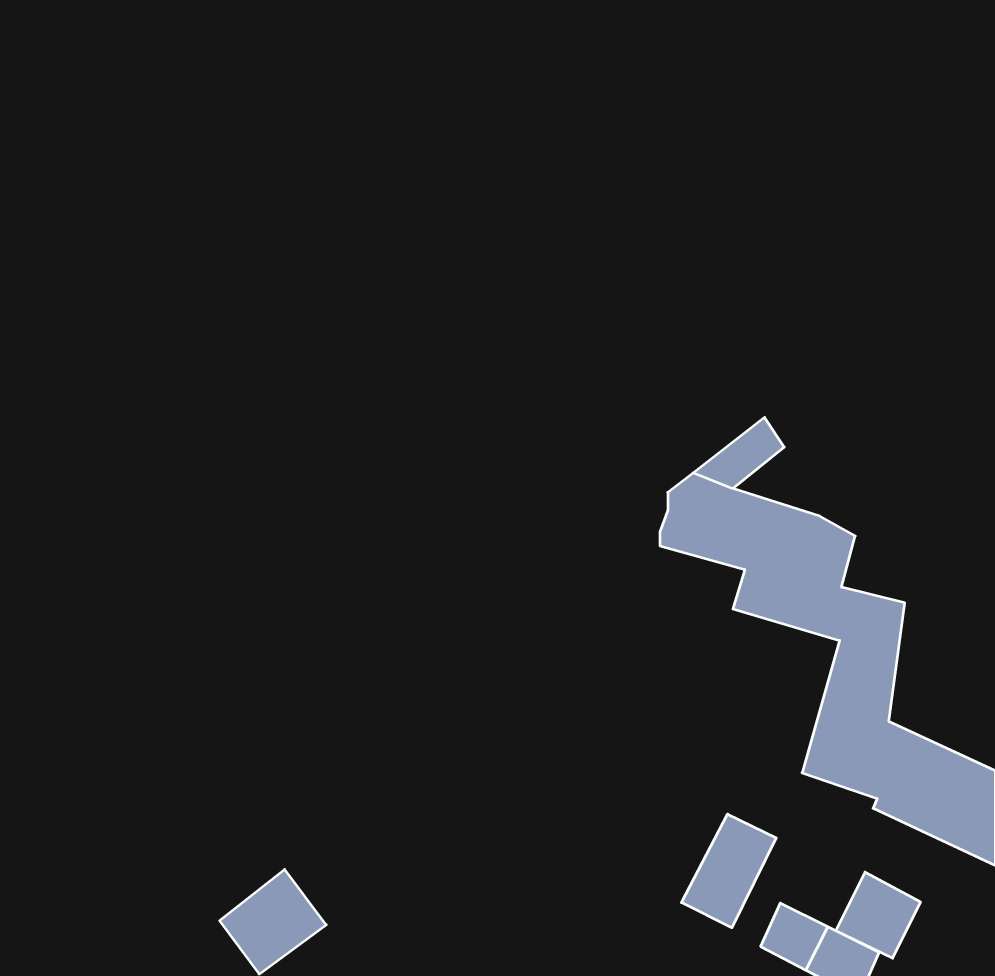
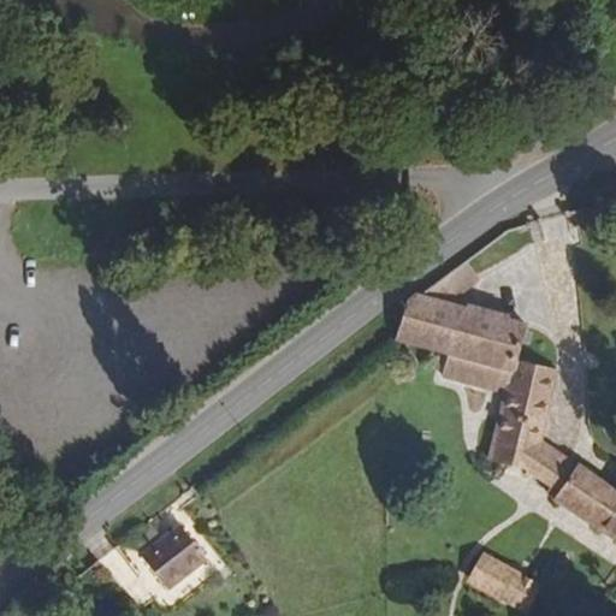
building: [681,814,776,928] -> none
building: [836,872,920,958] -> none

